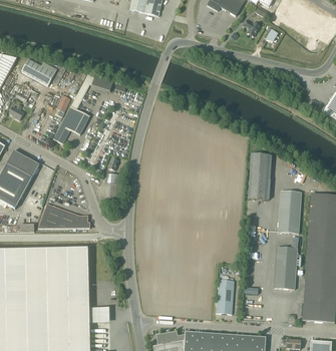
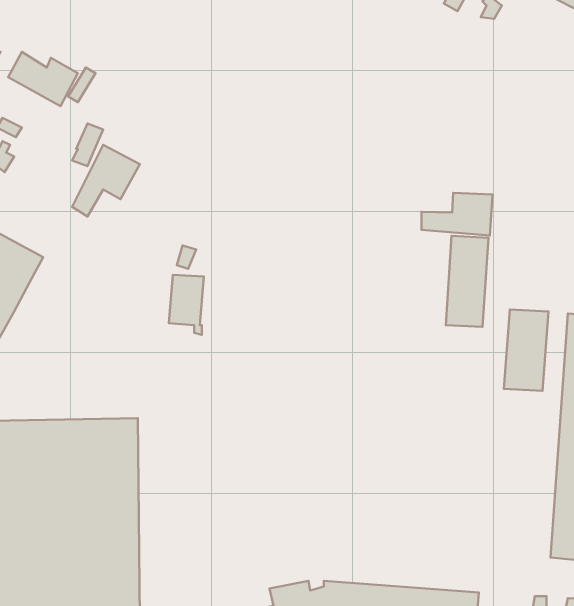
building: none -> [421,193,492,236]
building: [38,204,90,228] -> none
building: [274,237,298,289] -> none
building: [217,279,234,313] -> none

